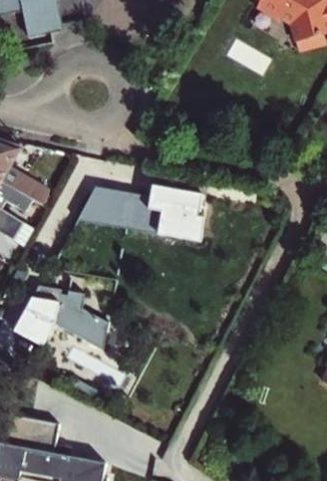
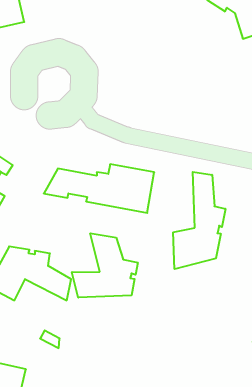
building: none -> [173,172,225,269]
building: none -> [72,233,138,298]

